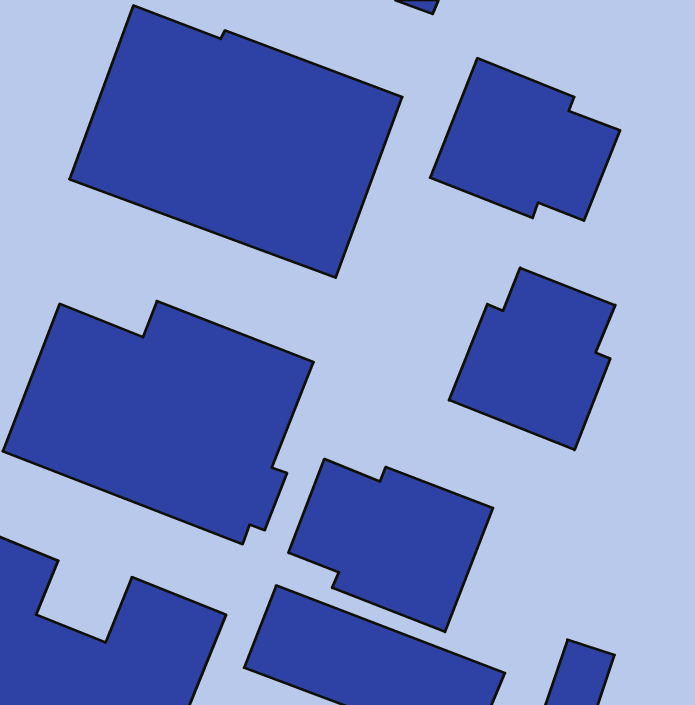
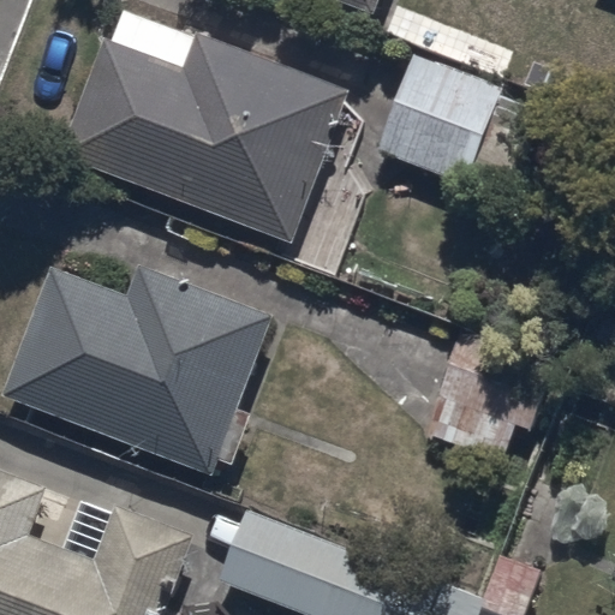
building: [449,268,615,450] -> none
building: [289,459,493,632] -> none

